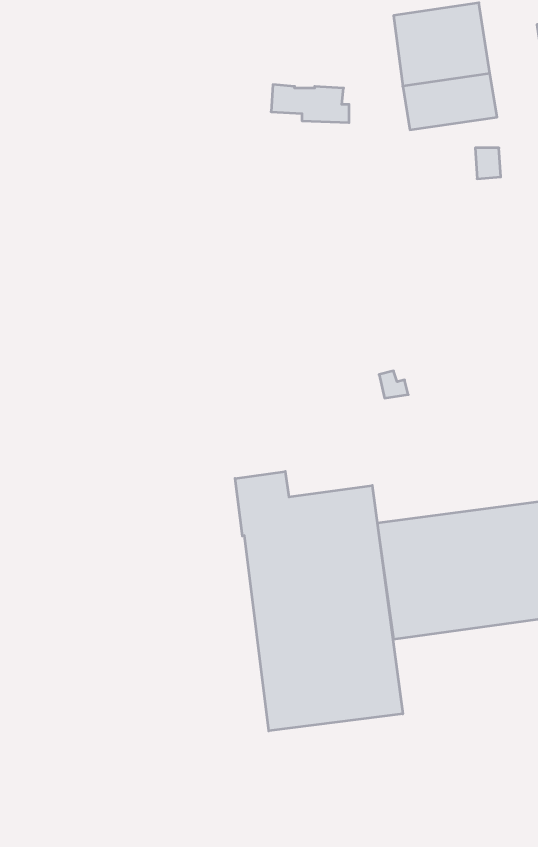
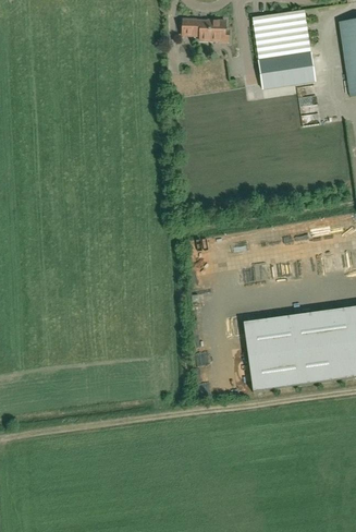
building: [271,85,349,123] -> [182,19,229,41]
building: [235,471,403,731] -> none

